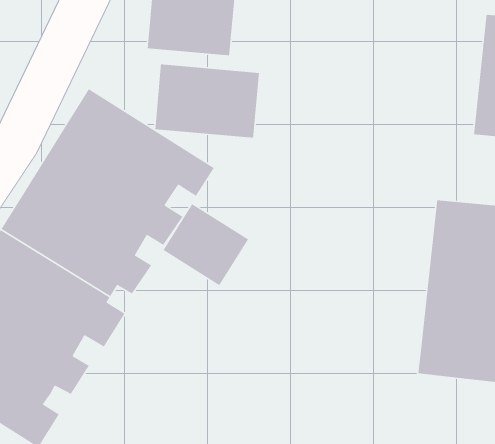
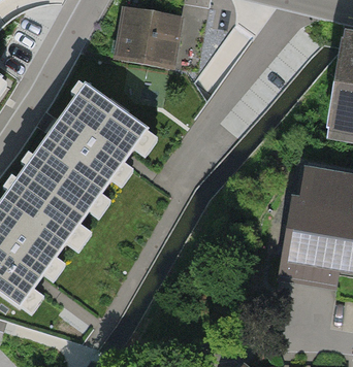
building: [154,64,260,139] -> none
building: [162,203,249,286] -> none

